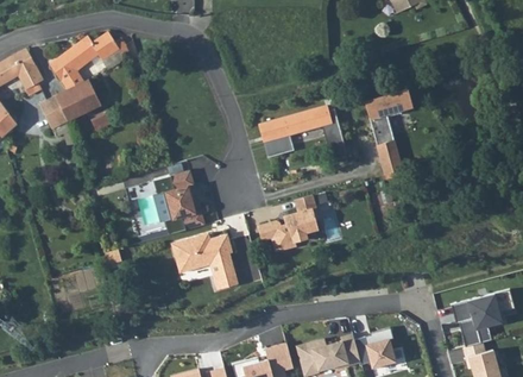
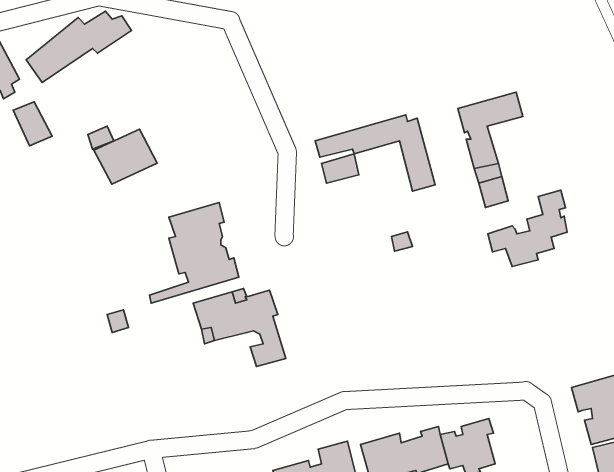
building: [55,81,101,121] -> [94,129,157,184]
building: [259,195,317,251] -> [488,190,567,266]

